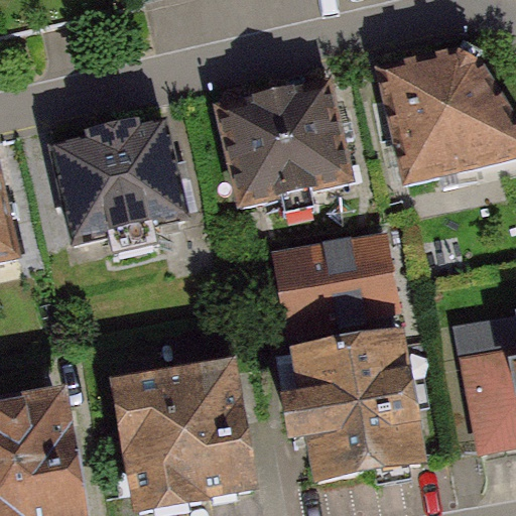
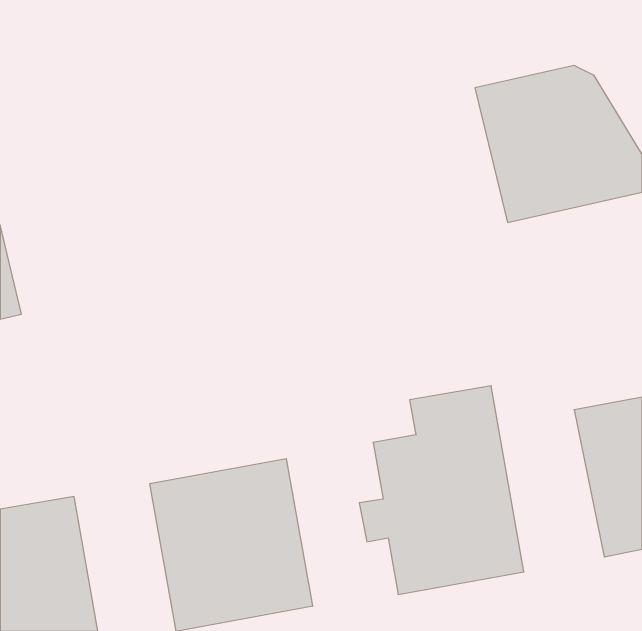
building: [220,83,350,202] -> none
building: [51,119,185,242] -> none
building: [281,238,394,327] -> none

